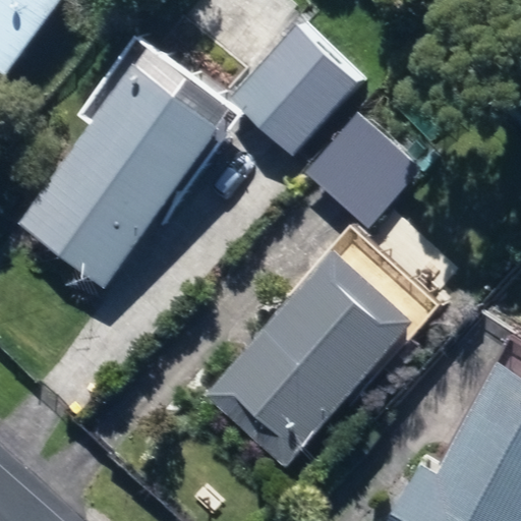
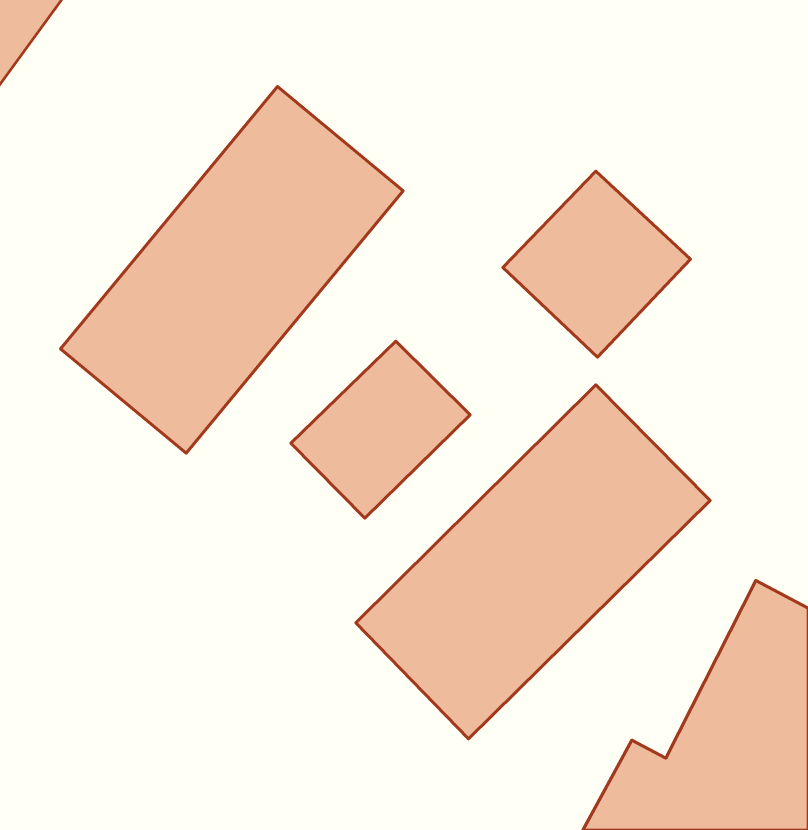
building: [242,18,371,149] -> none
building: none -> [291,341,470,518]

